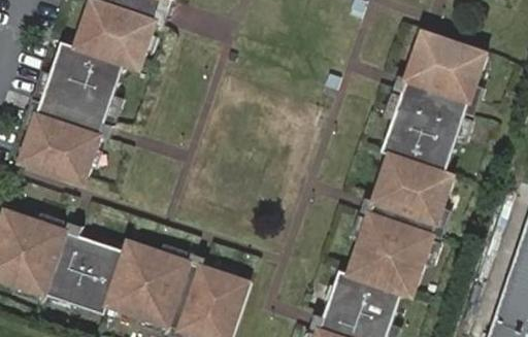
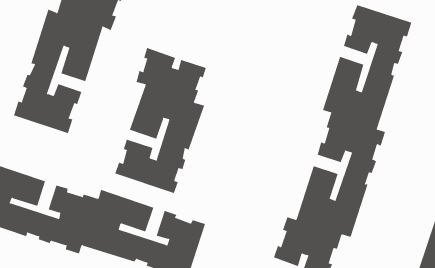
building: none -> [115,47,207,194]

